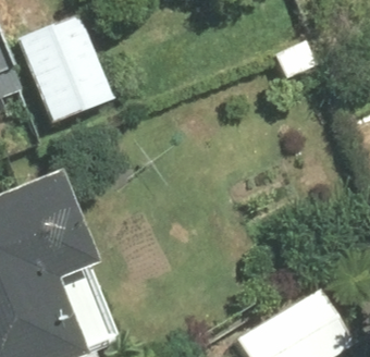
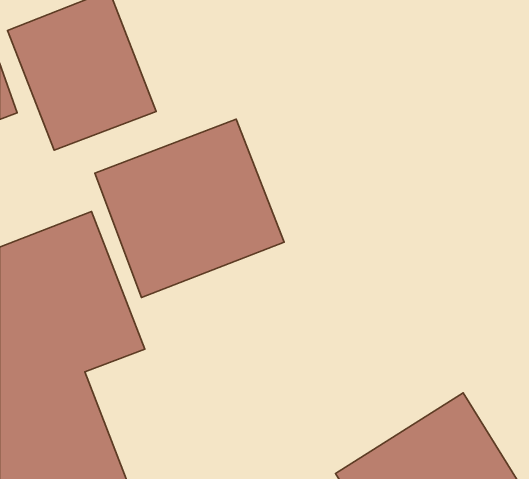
building: none -> [95,119,284,297]

